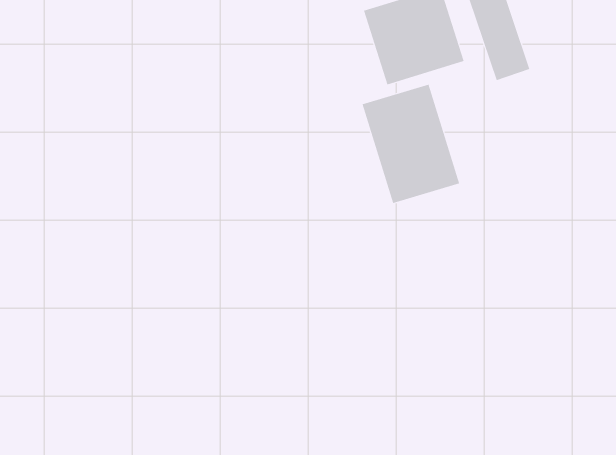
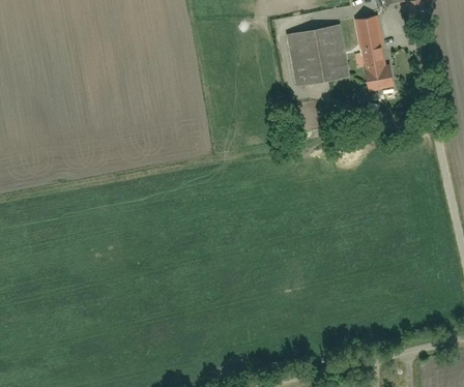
building: [362,84,460,204] -> none

